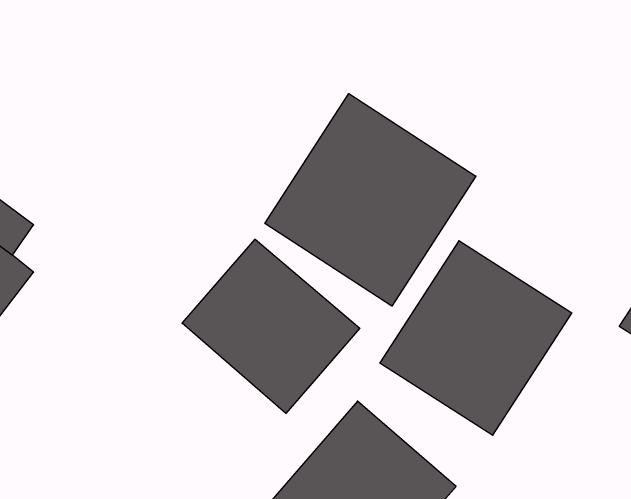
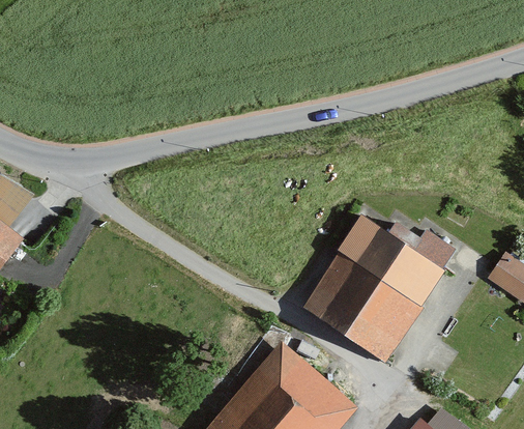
building: [265,94,476,306] -> none
building: [182,239,360,413] -> none

